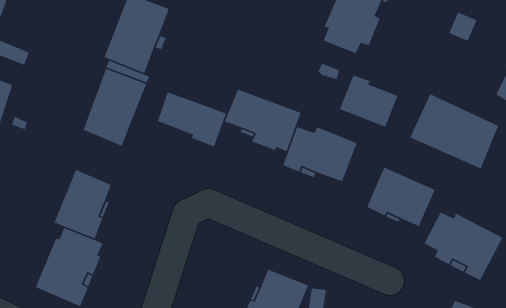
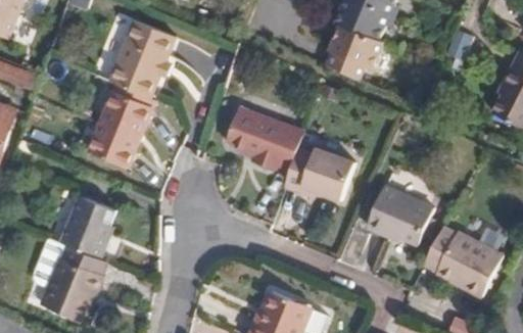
building: [339,74,398,128] -> none
building: [157,91,227,147] -> none
building: [409,93,499,170] -> none

